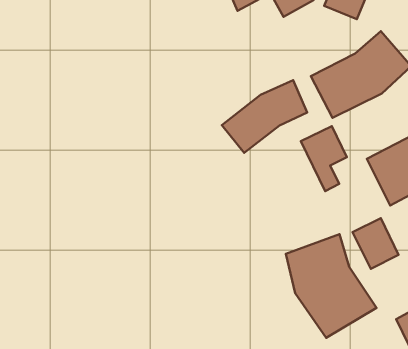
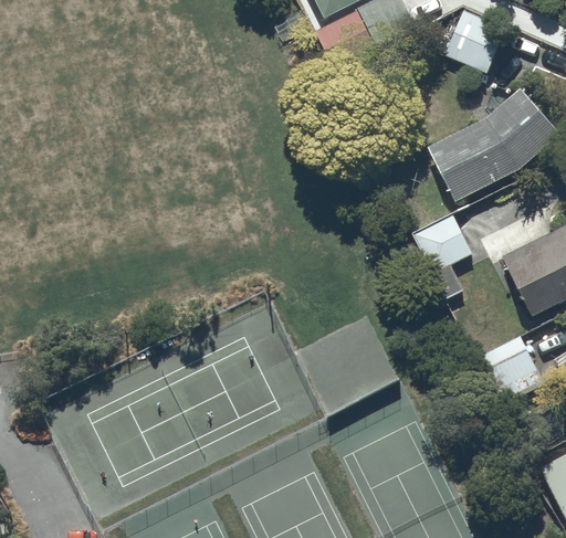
building: [222,80,307,153] -> none
building: [286,234,376,338] -> none

